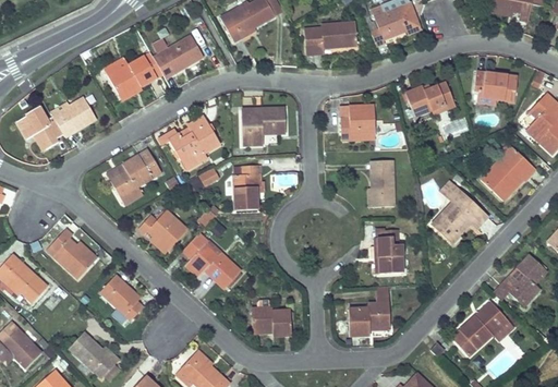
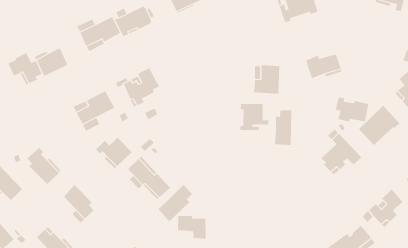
building: [313,22,357,55] -> none
building: [474,71,519,104] -> [335,97,369,123]
building: [242,108,286,144] -> none
building: none -> [240,103,269,131]
building: [234,165,260,210] -> none
building: [375,235,404,274] -> none
building: none -> [158,184,193,222]
building: [349,298,390,336] -> none

